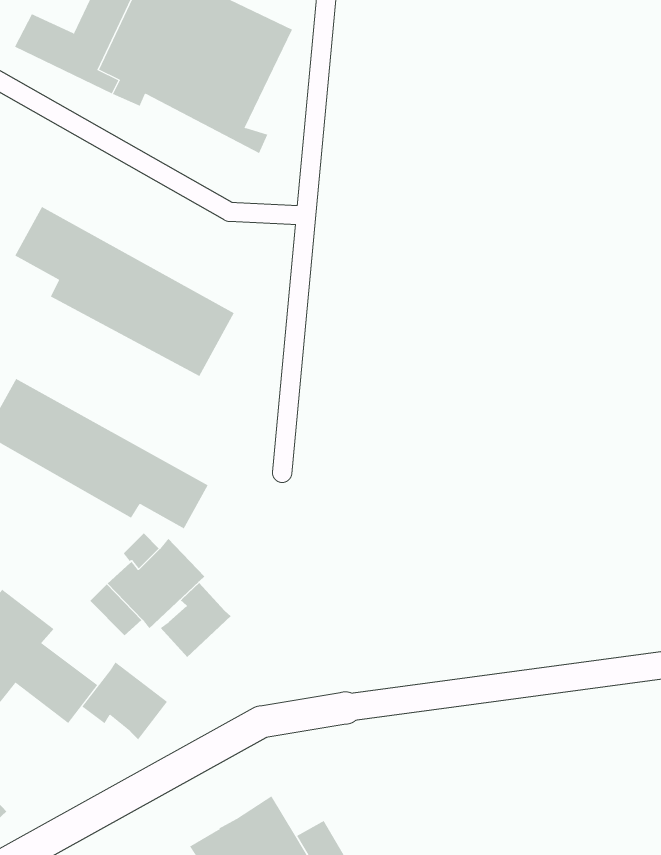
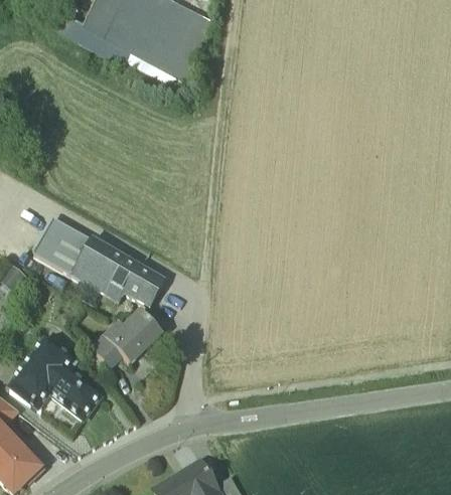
building: [14,206,234,377] -> none
building: [160,582,232,658] -> none
building: [81,662,168,740] -> none

